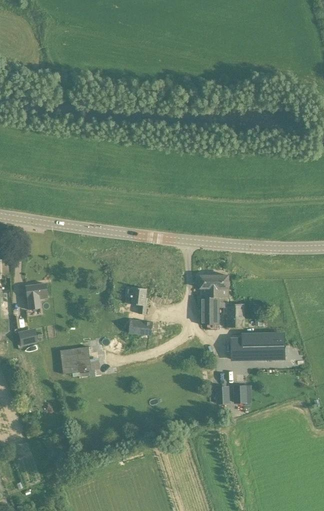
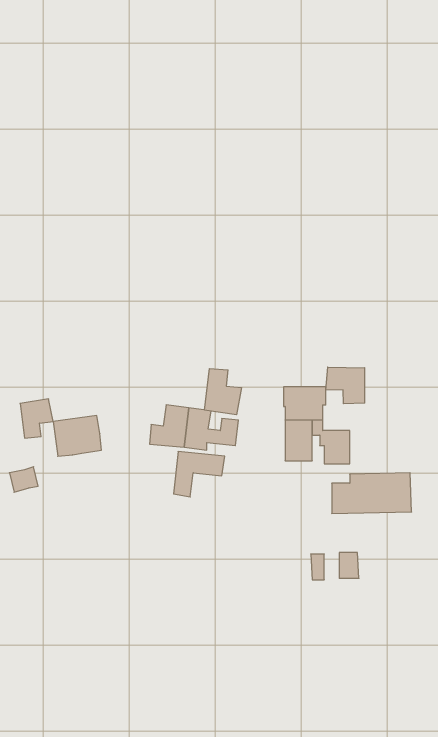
building: none -> [326,367,365,404]
building: none -> [205,369,241,415]
building: [59,346,91,373] -> [53,416,101,456]

